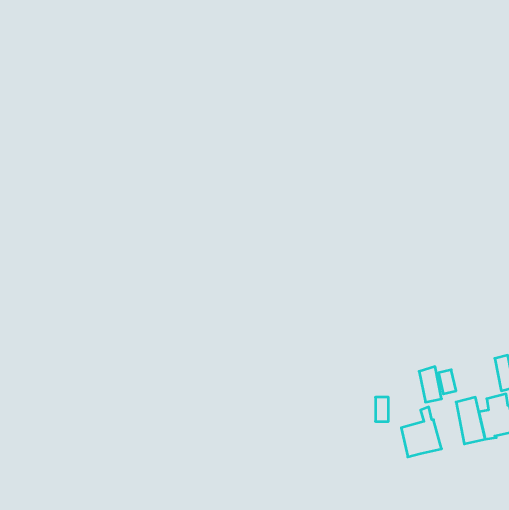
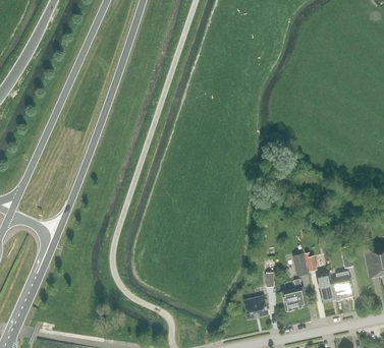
building: none -> [243,295,269,318]

